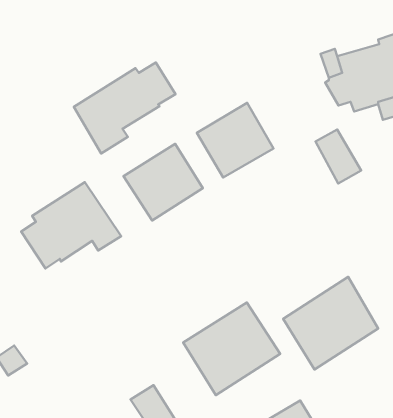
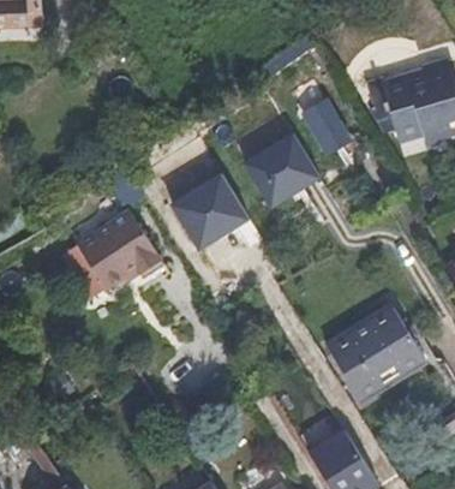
building: [74,62,175,154] -> none
building: [315,130,361,184] -> [304,100,349,154]
building: [183,303,280,395] -> none

